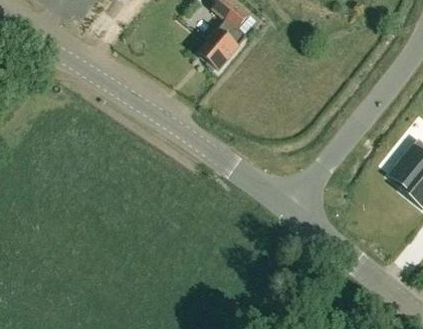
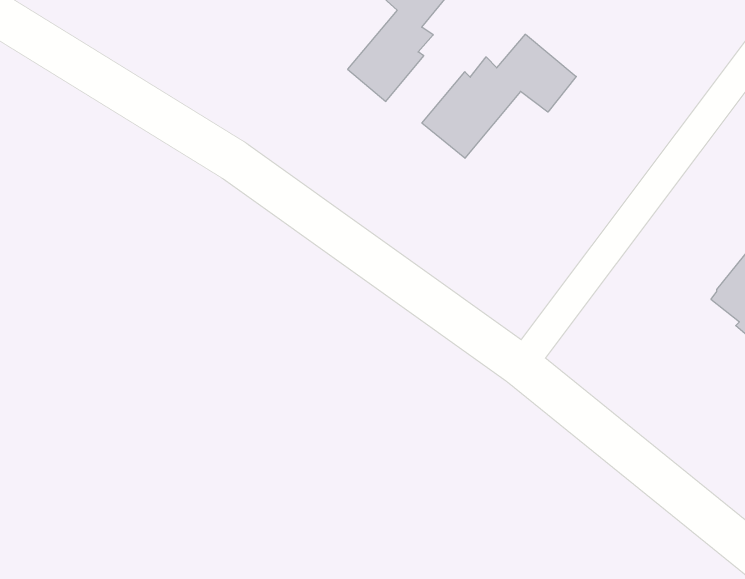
building: none -> [422,34,576,158]

